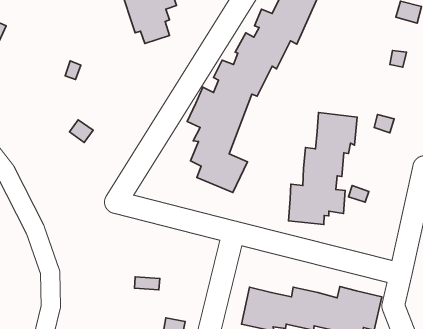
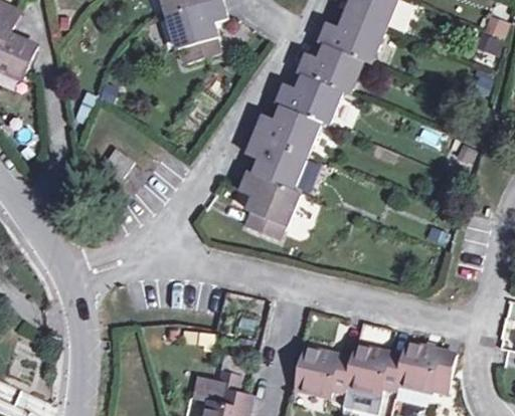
building: [289,113,357,225] -> none

